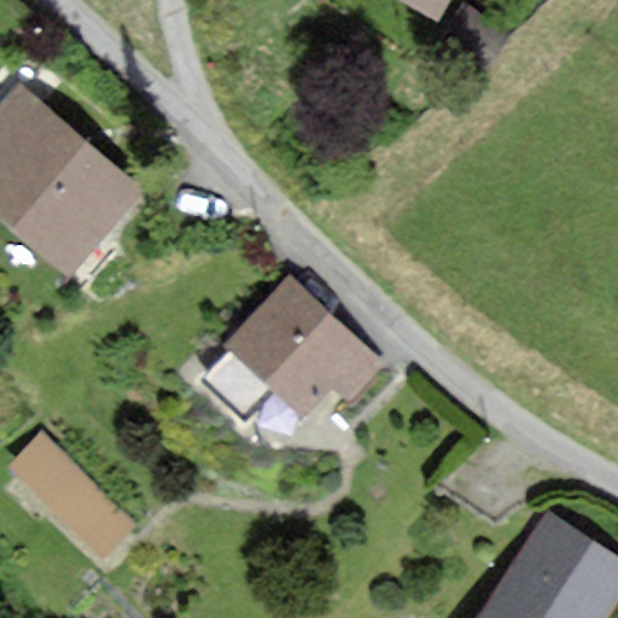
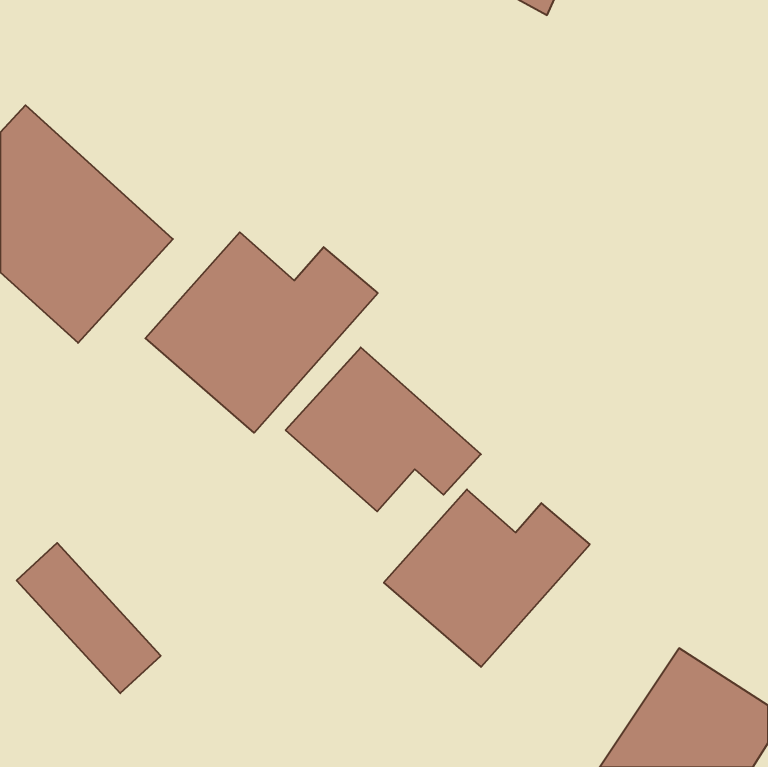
building: none -> [145,232,378,433]
building: none -> [384,489,590,667]

